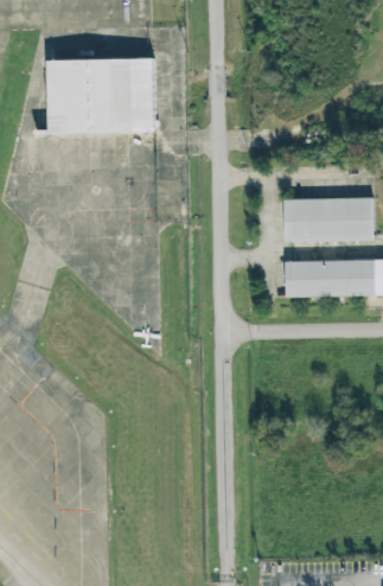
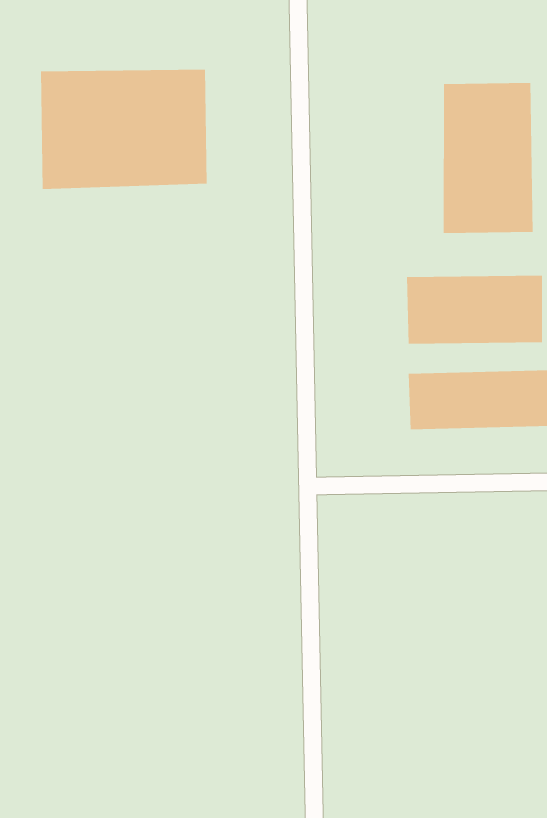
building: none -> [443,82,533,234]

